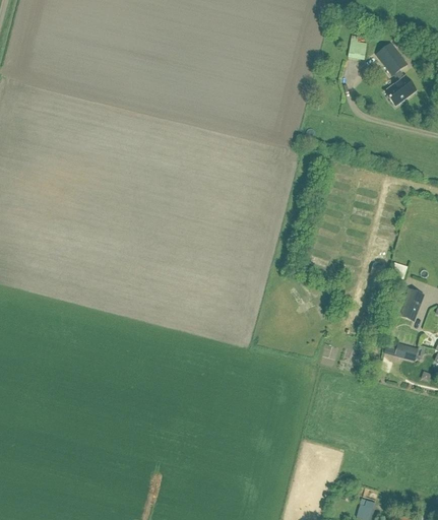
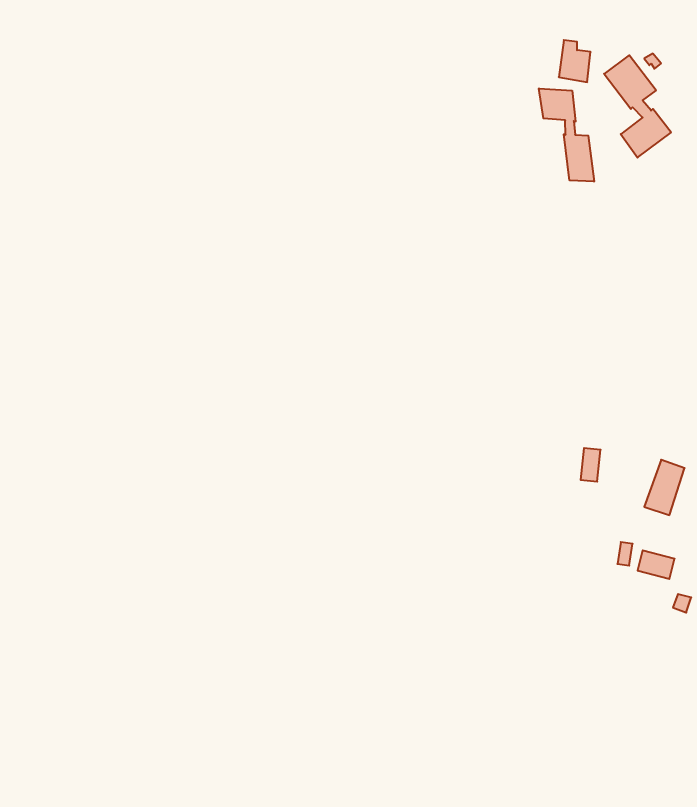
building: none -> [539,88,594,182]

